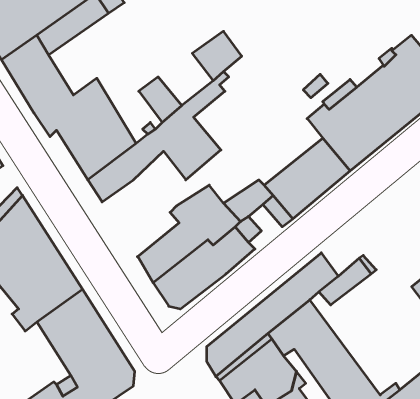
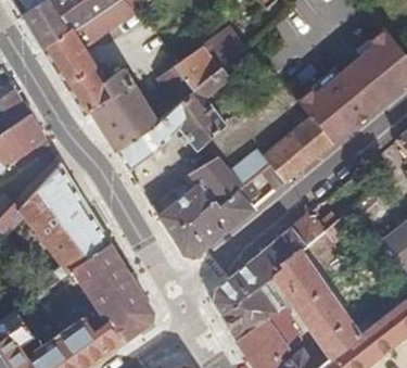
building: none -> [174,46,219,89]

